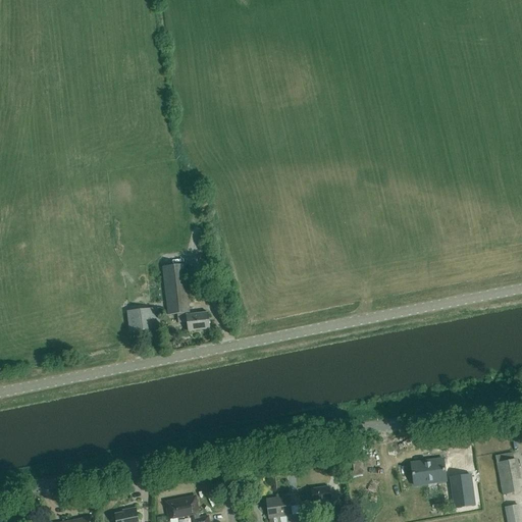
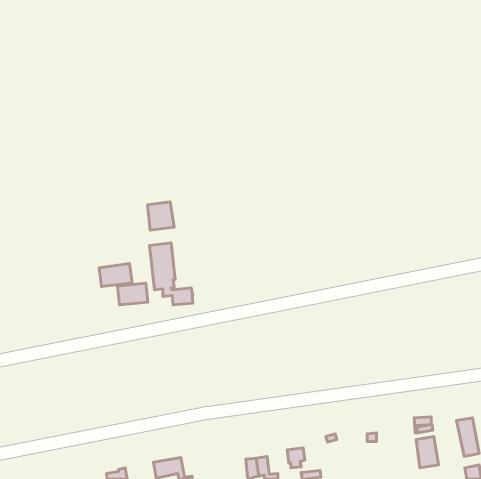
building: none -> [147,202,174,230]
building: none -> [99,263,132,286]
building: [411,458,447,484] -> none

